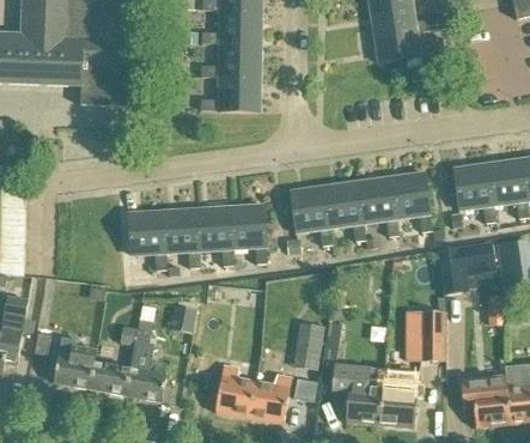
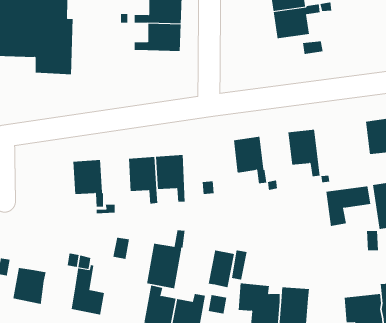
building: [201,77,260,111] -> none
building: [453,164,495,223] -> none
building: [358,177,398,237] -> none
building: [291,187,333,245] -> none
building: [162,210,199,268] -> none
building: none -> [146,229,185,289]
building: [421,311,445,360] -> none
building: [89,360,129,395] -> none

